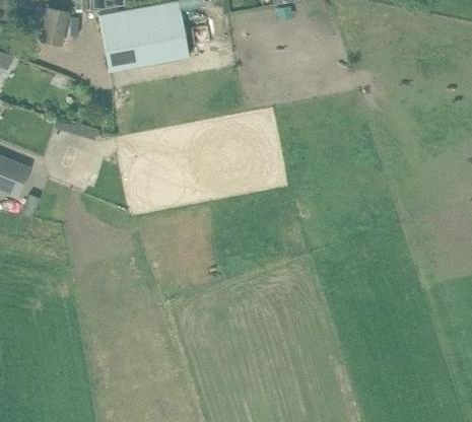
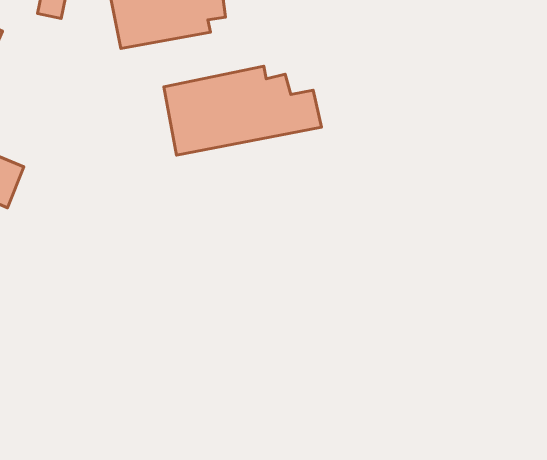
building: none -> [164,66,321,155]

